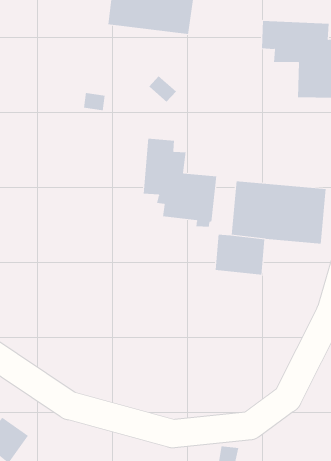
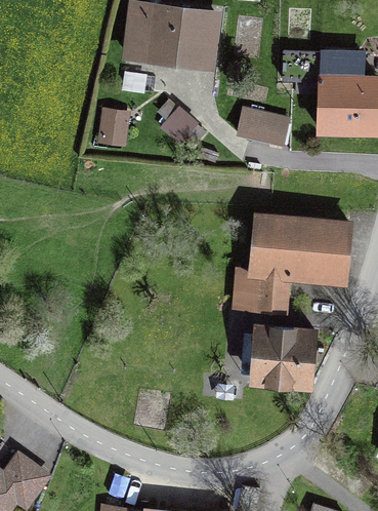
building: none -> [238,108,288,143]
building: [143,138,217,228] -> none
building: none -> [252,325,314,384]

